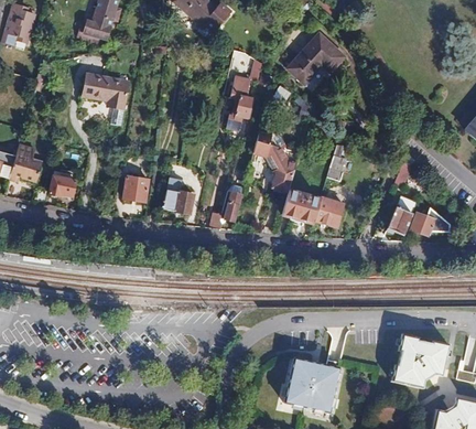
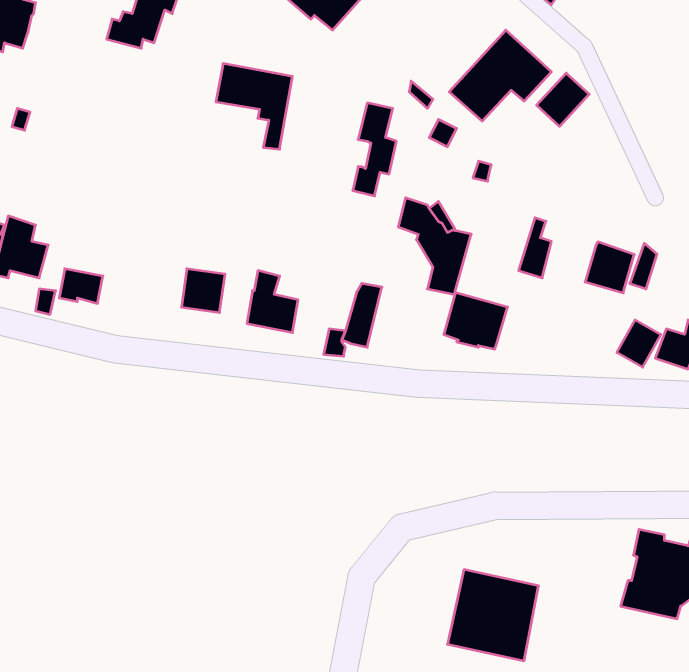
building: none -> [537,73,589,126]
building: [83,73,129,125] -> [216,64,292,149]
building: [314,196,344,227] -> [585,242,634,293]

